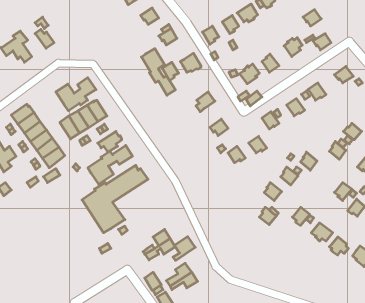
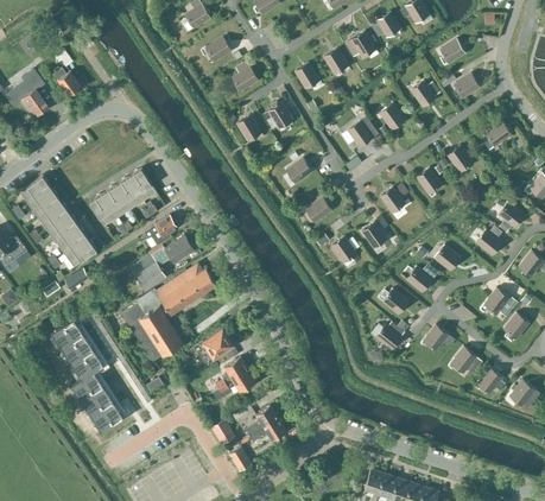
building: [141,49,175,95] -> none
building: [56,78,96,111] -> none
building: none -> [51,318,123,432]
building: [173,237,195,260] -> [201,329,233,363]

